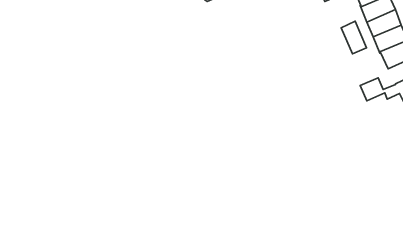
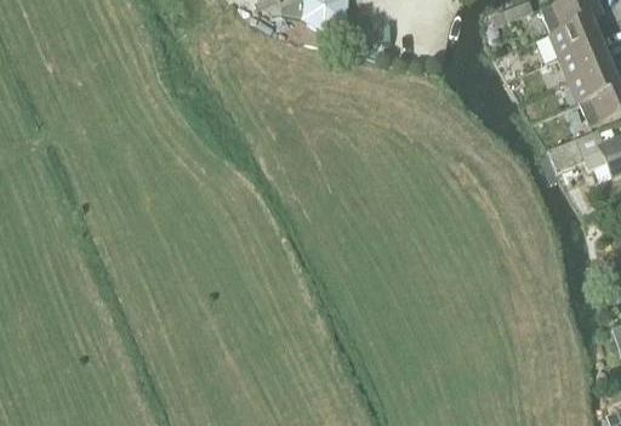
building: [341,21,367,54] -> none

